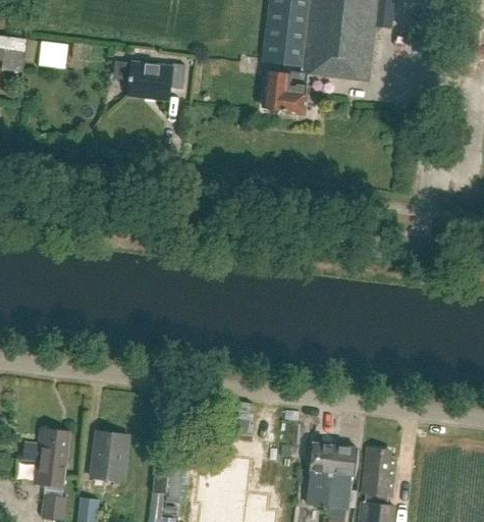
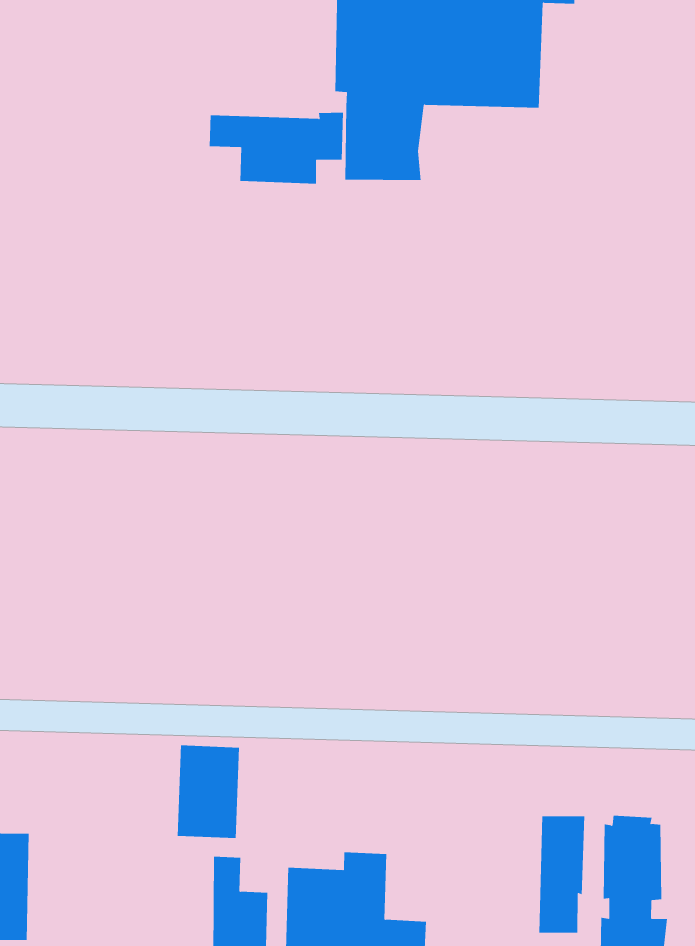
building: [114,60,185,101] -> [209,112,344,184]
building: [92,430,128,481] -> [177,745,240,839]
building: [308,443,334,507] -> none

